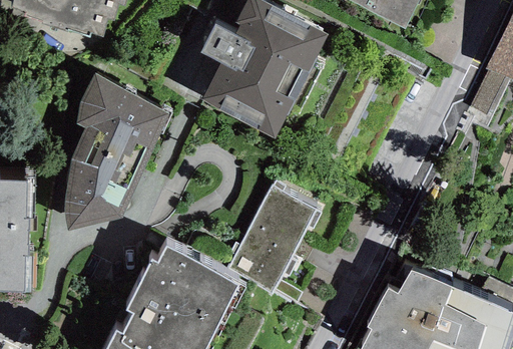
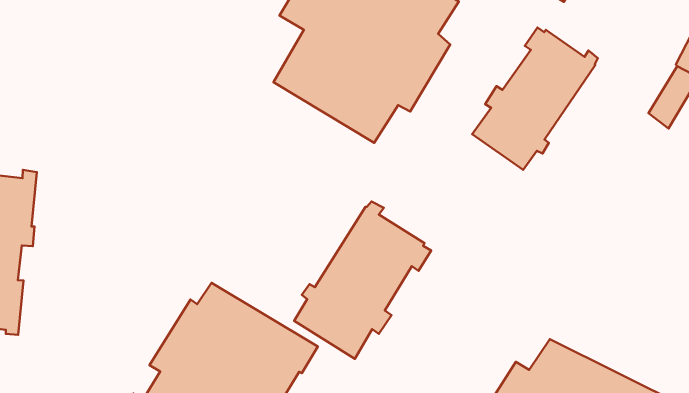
building: none -> [472,27,598,170]
building: [63,70,167,229] -> none

